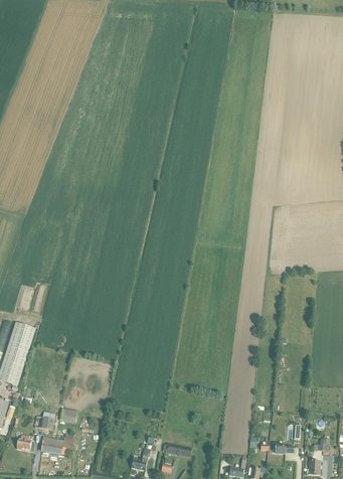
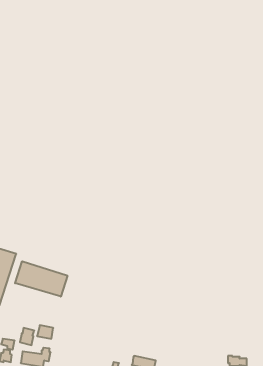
building: none -> [15,261,67,297]

